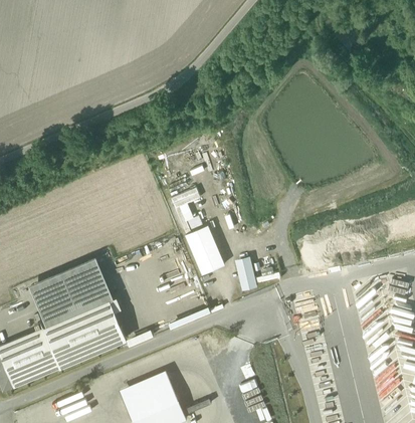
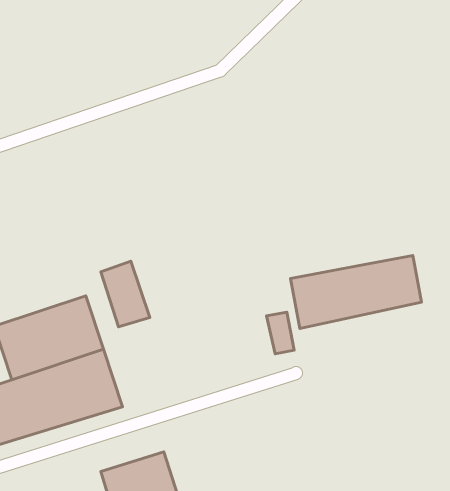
building: none -> [290,255,421,329]
building: [185,225,225,275] -> [101,261,150,327]

